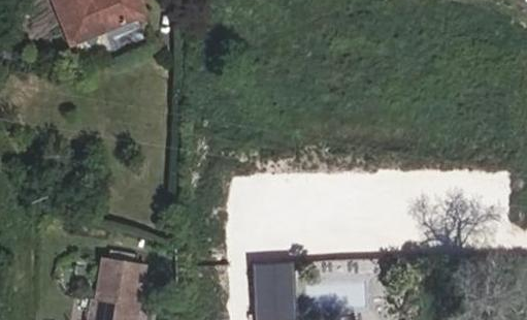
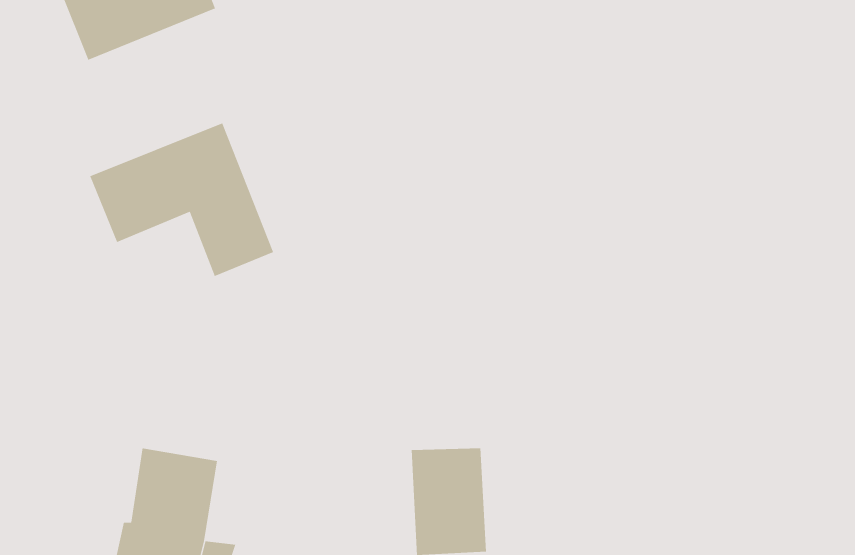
building: none -> [89,123,274,277]

